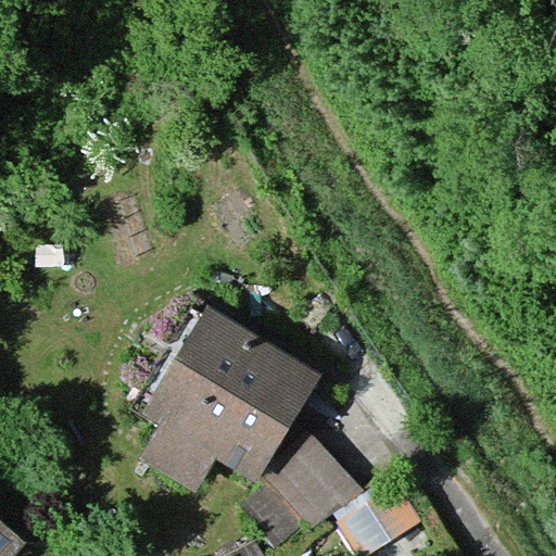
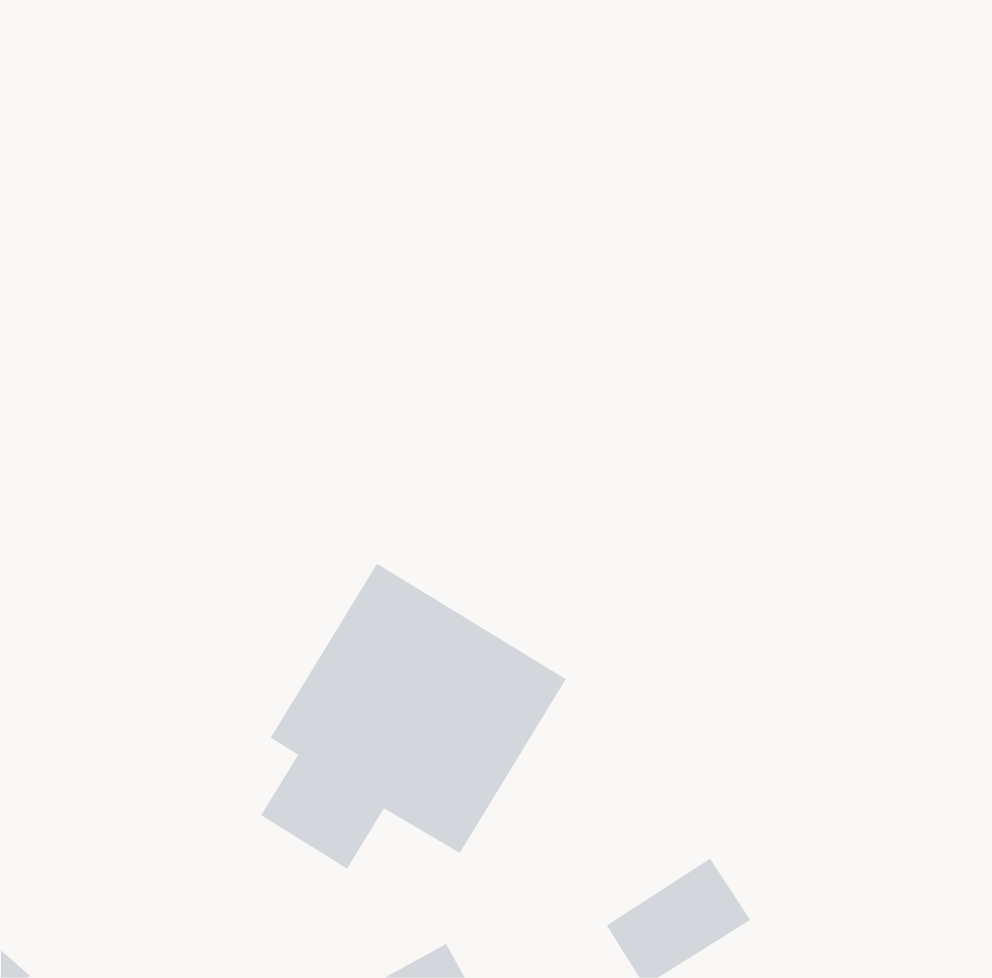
building: [249,433,354,538] -> none

